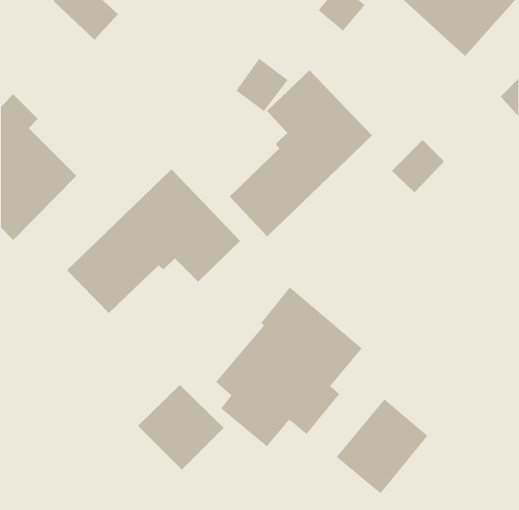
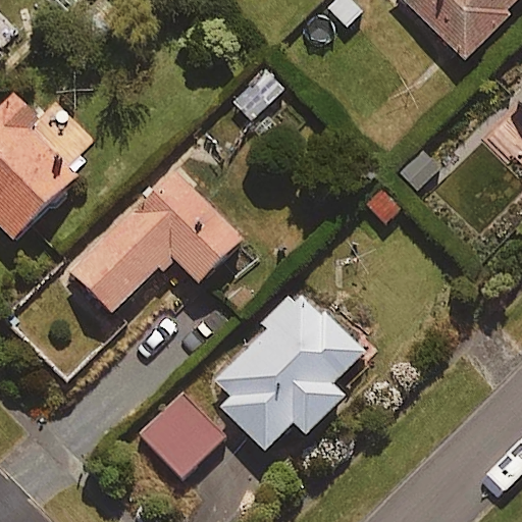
building: [229,70,373,237] -> none
building: [336,398,428,494] -> none

